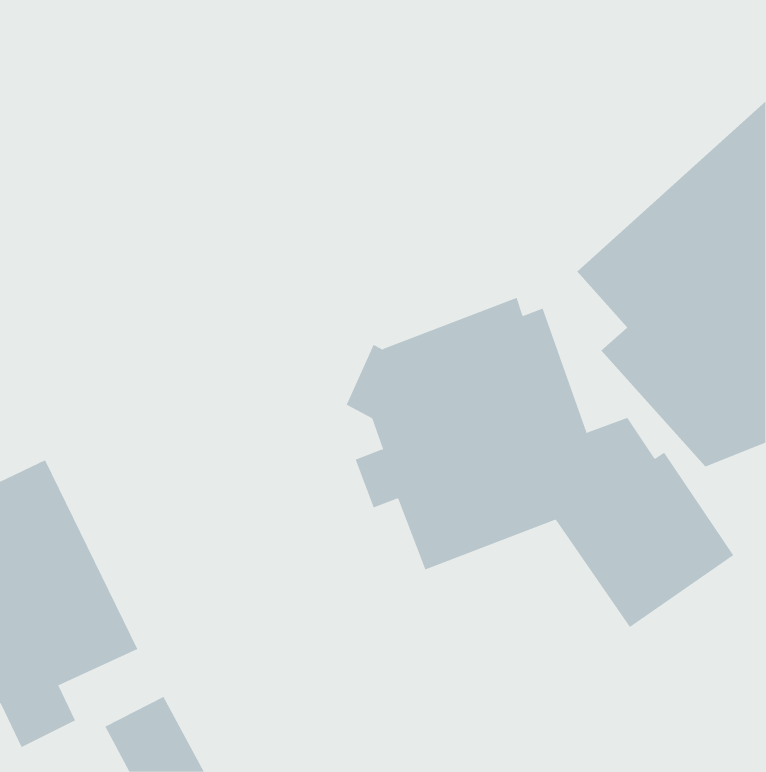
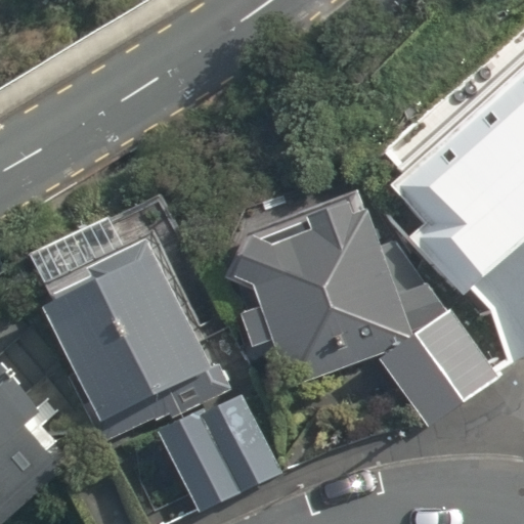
building: none -> [45,236,213,429]
building: none -> [161,395,280,509]

